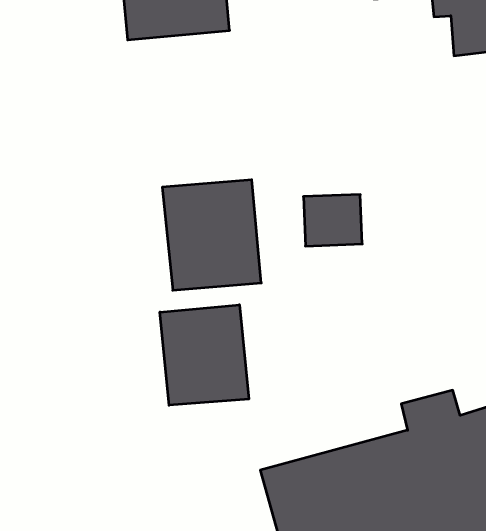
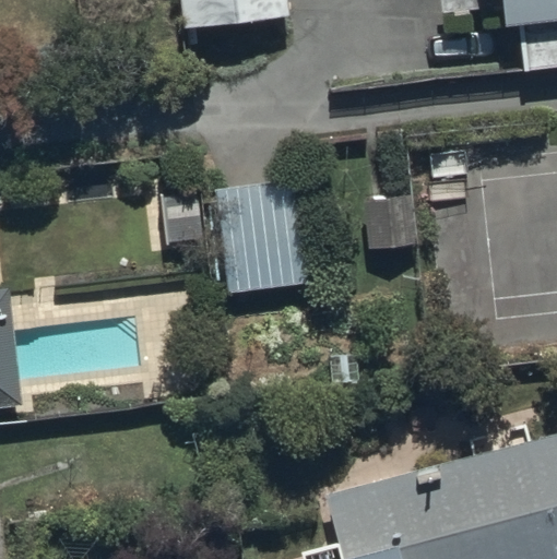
building: [160,305,249,405] -> none

